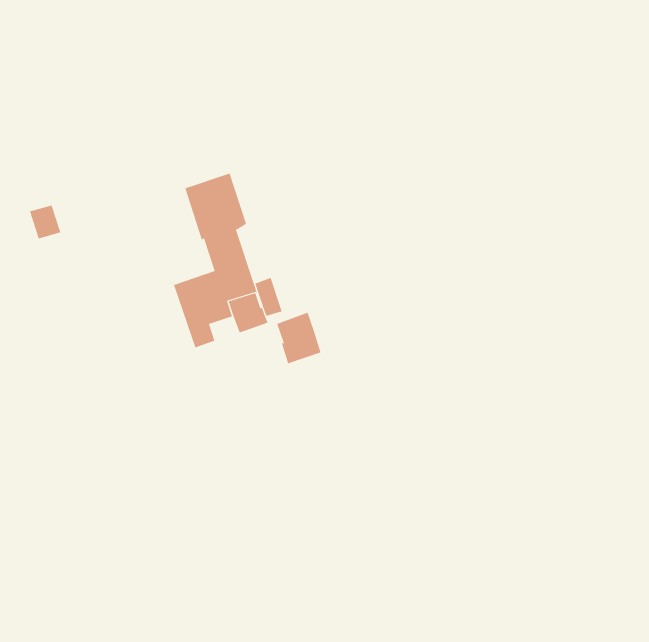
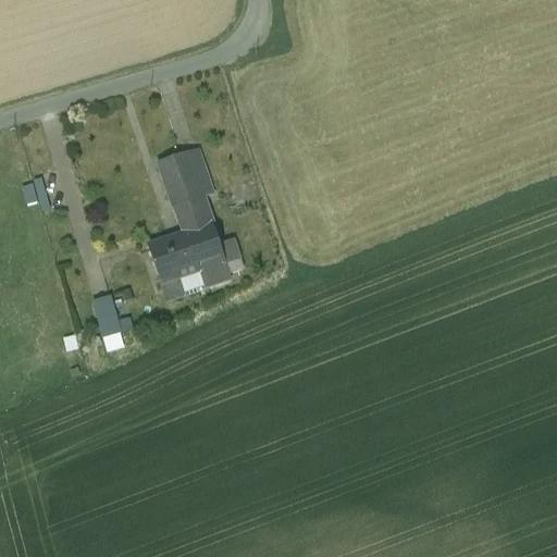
building: [277,312,321,364] -> none
building: none -> [96,292,126,335]

